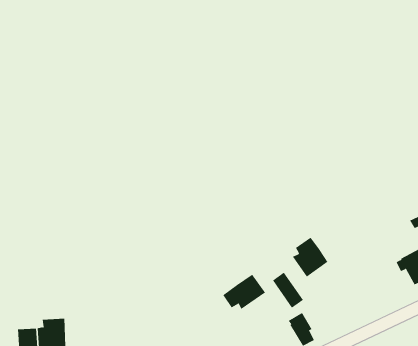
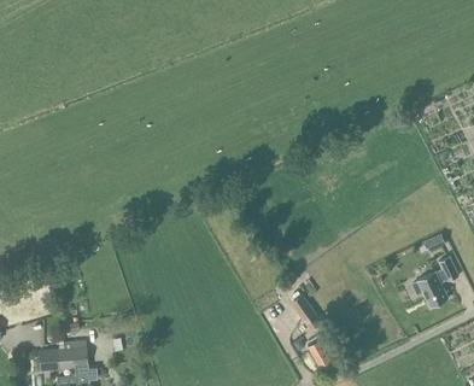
building: [292,237,328,278] -> none
building: [223,274,266,310] -> none

